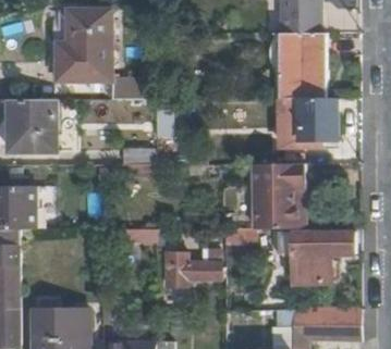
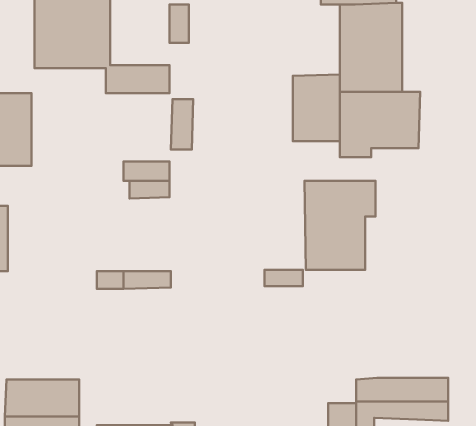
building: none -> [293,75,340,141]
building: [279,233,354,284] -> none
building: [164,252,220,286] -> none

